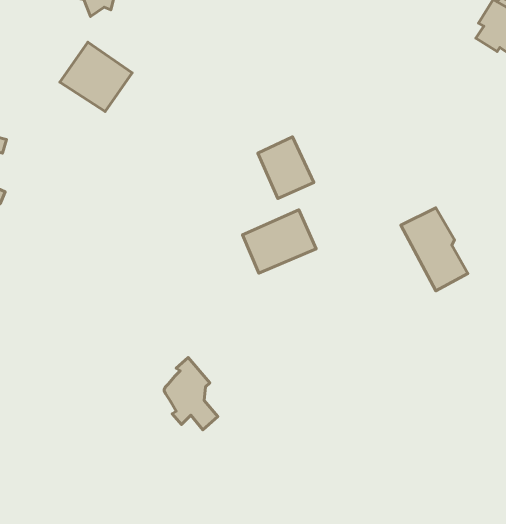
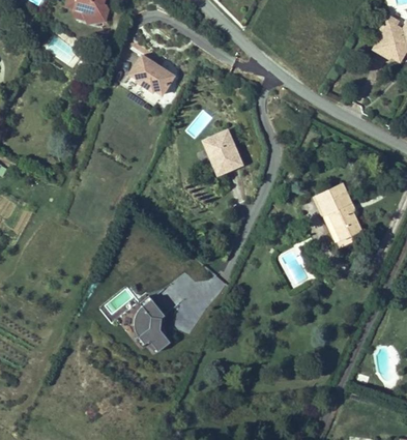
building: [60,42,132,112] -> [123,50,179,104]
building: [242,210,316,273] -> none

